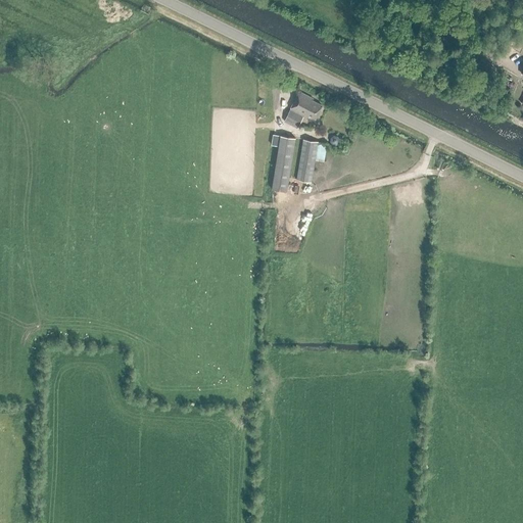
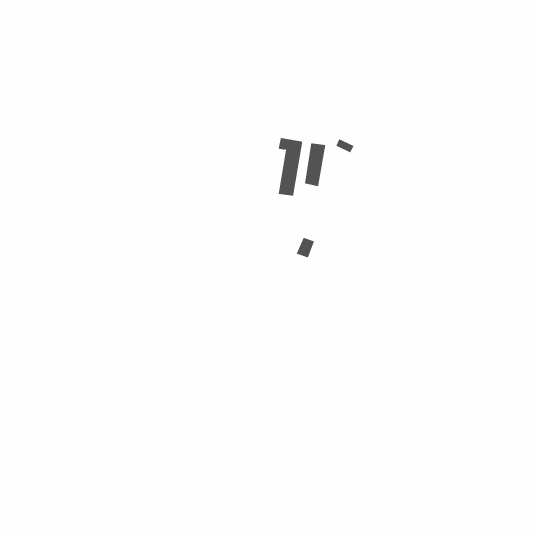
building: [284,91,322,128] -> none

